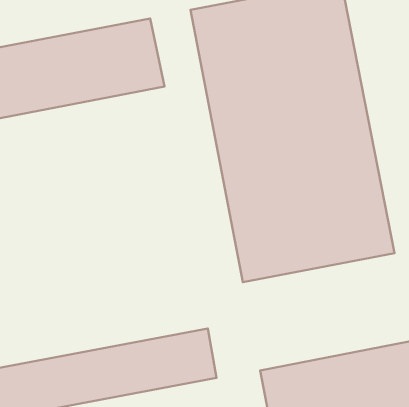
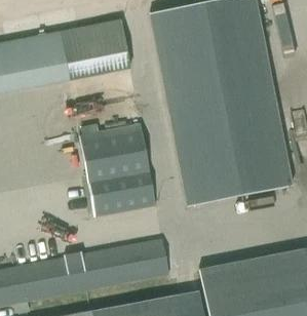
building: none -> [79,122,155,216]

